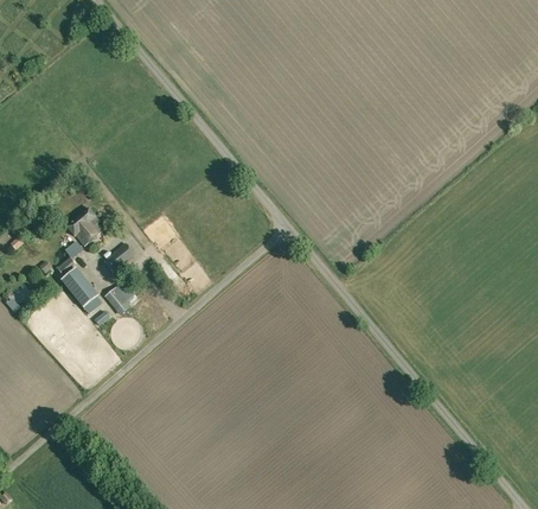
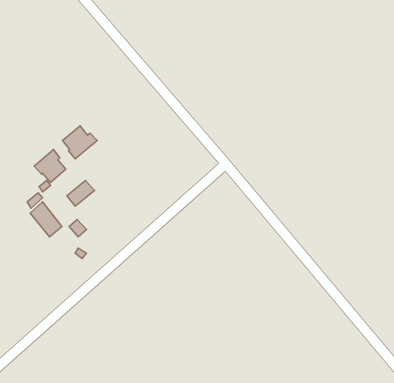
building: none -> [62,126,97,159]

